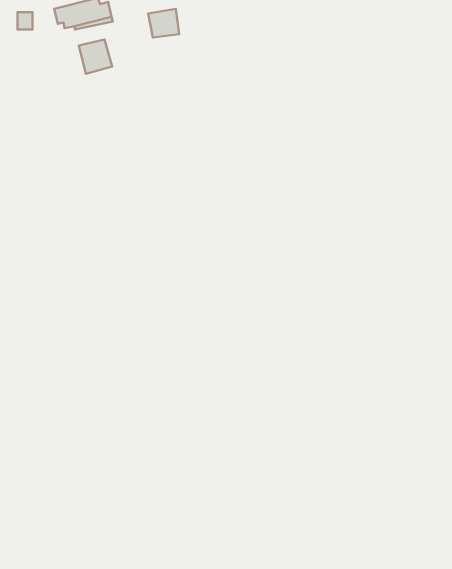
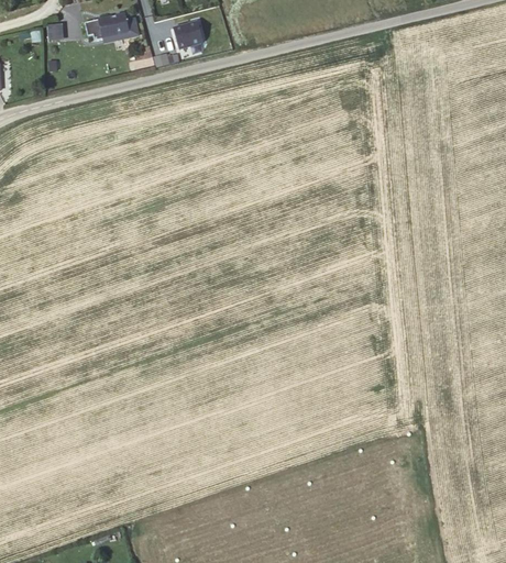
building: [79,40,112,74] -> none

